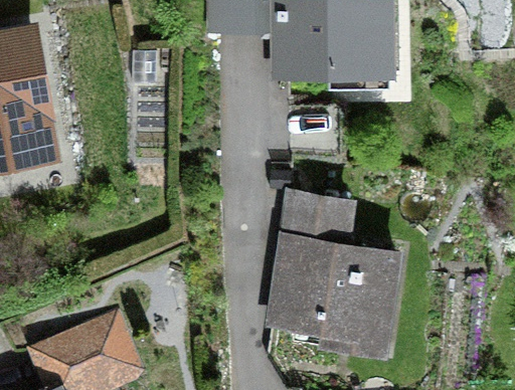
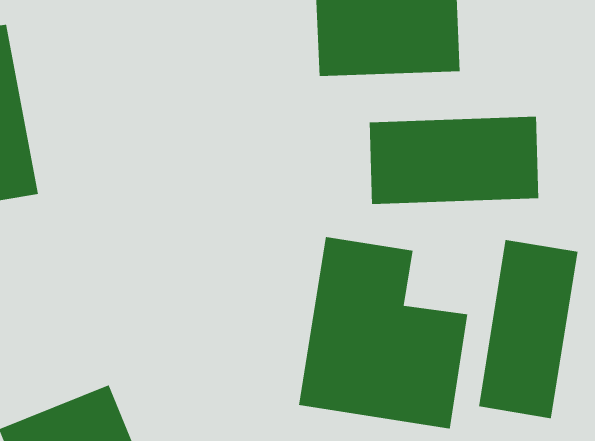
building: none -> [369,116,539,205]
building: none -> [478,239,578,419]

